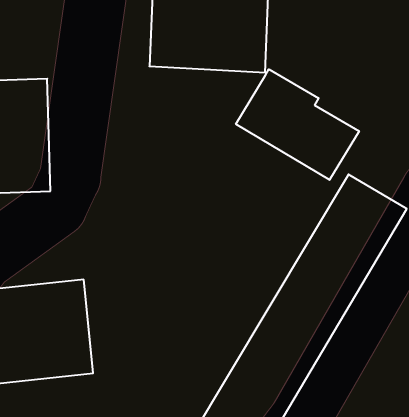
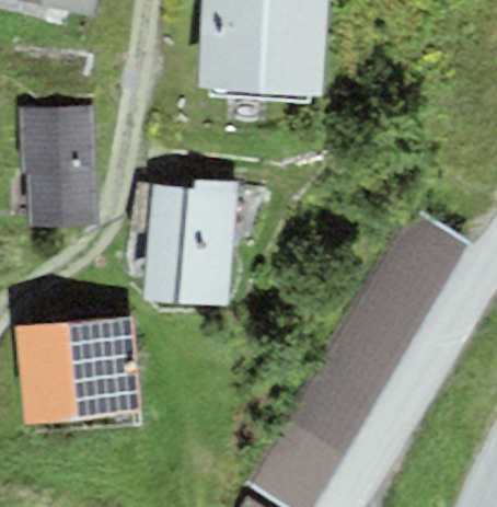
building: [236,69,359,180] -> none
building: none -> [142,181,236,306]

